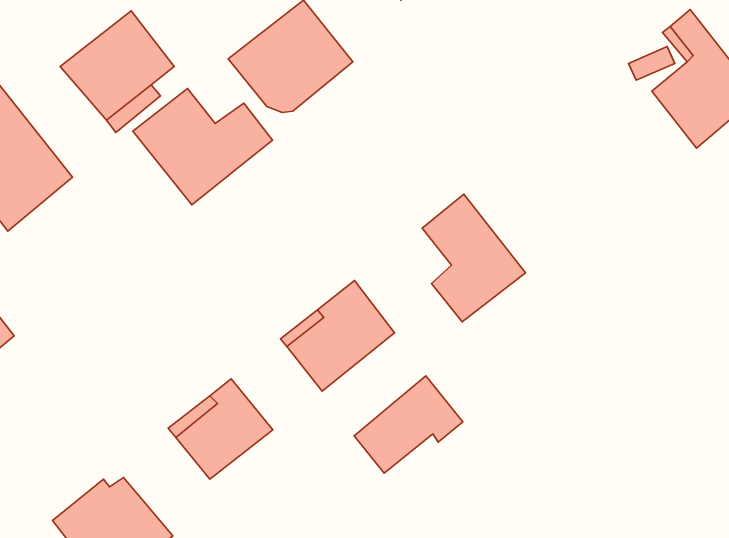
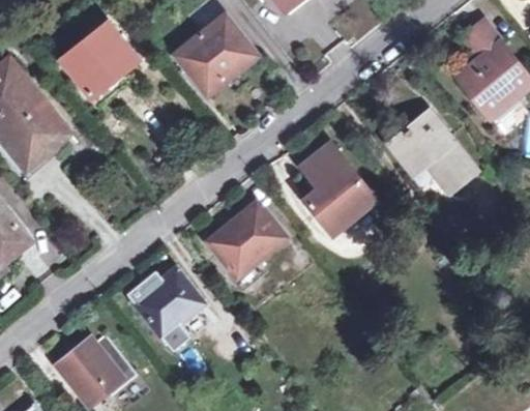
building: [133,89,273,205] -> none
building: none -> [389,112,476,193]
building: [354,376,463,473] -> none

